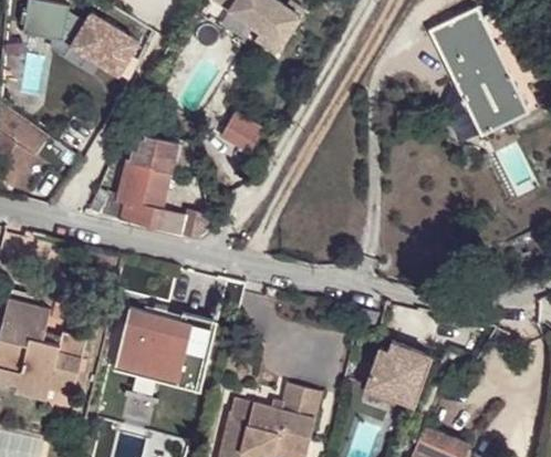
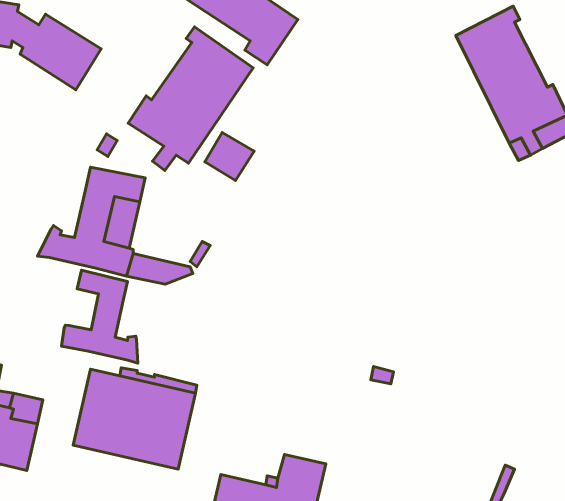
building: none -> [128,27,253,170]
building: none -> [61,270,138,363]
building: [365,342,430,405] -> none

